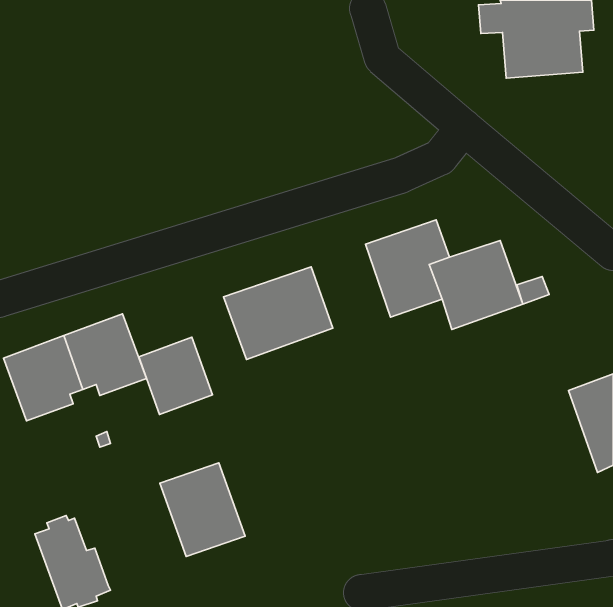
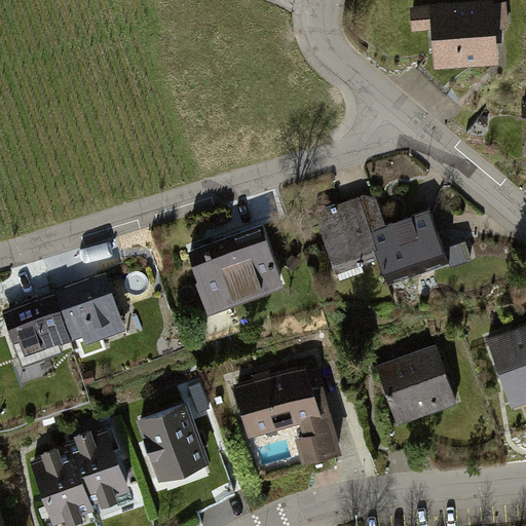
building: [139,337,213,415] -> none
building: none -> [375,346,456,428]
building: none -> [233,365,341,464]
building: none -> [62,428,130,508]

